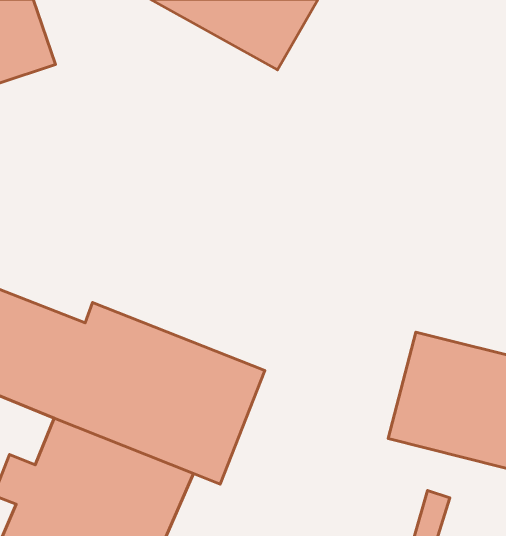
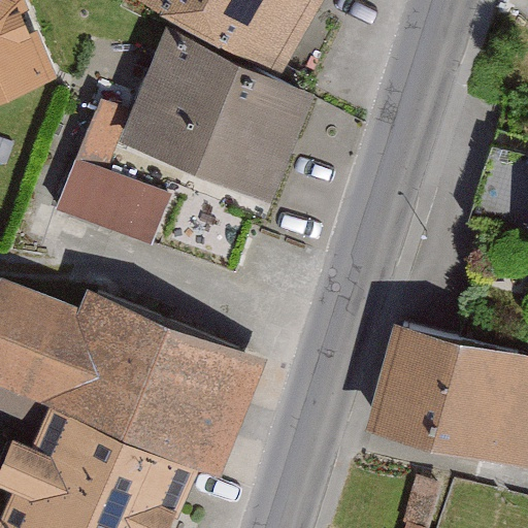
building: none -> [121,36,312,202]
building: none -> [57,94,176,239]

